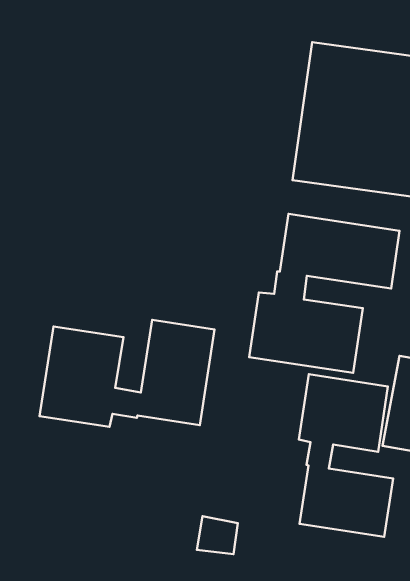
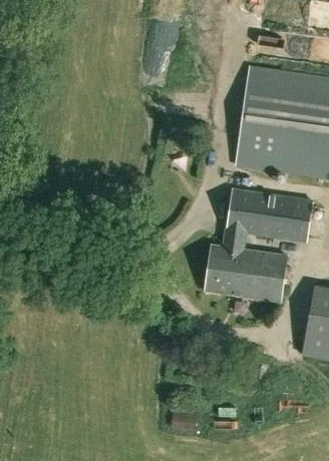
building: [40,320,215,427] -> none
building: [299,374,393,537] -> none

